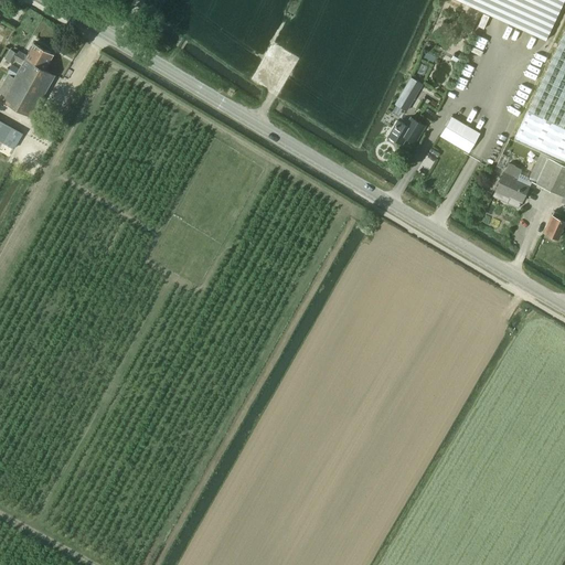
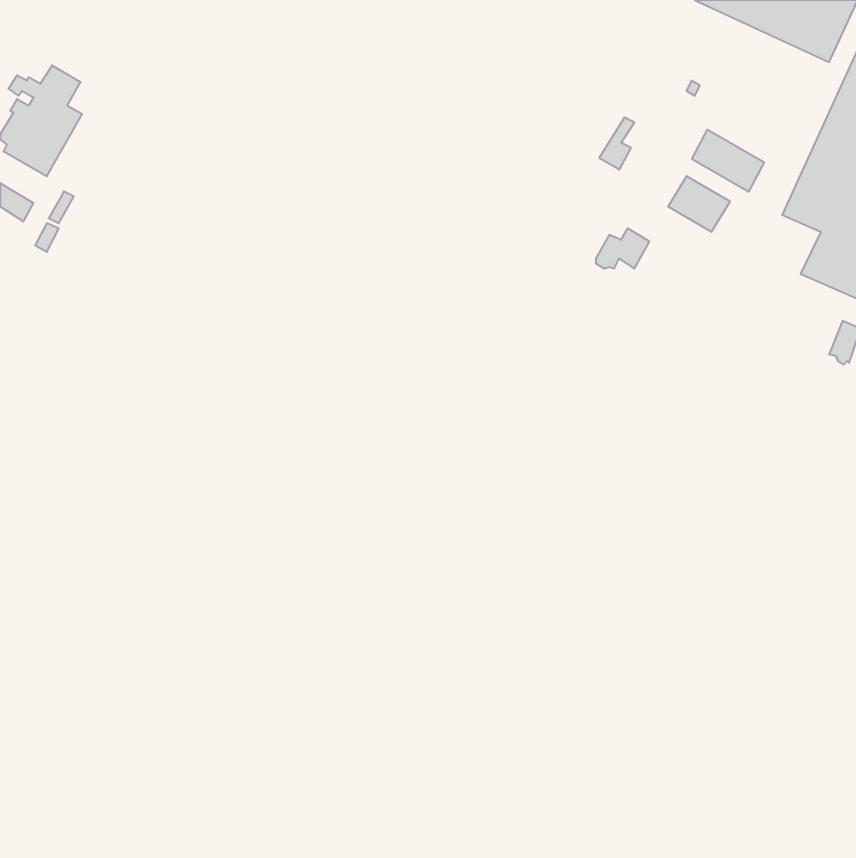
building: none -> [692,130,764,192]
building: [391,116,426,142] -> [596,228,649,269]
building: [494,163,530,207] -> none

